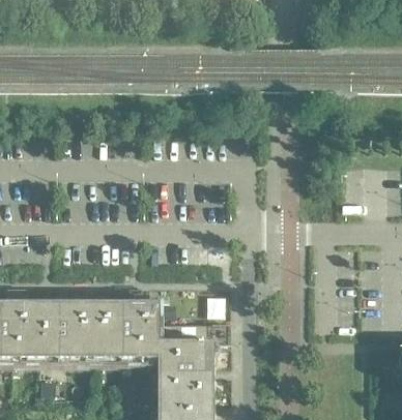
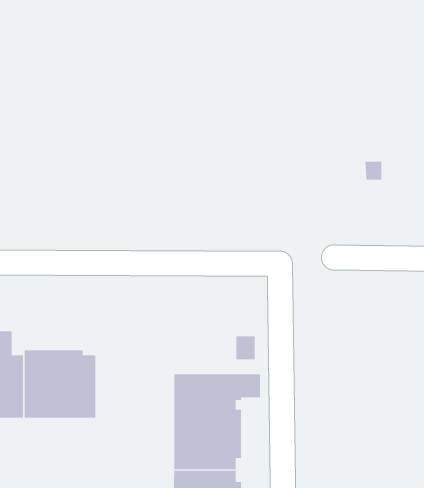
building: [93,287,157,358] -> none

